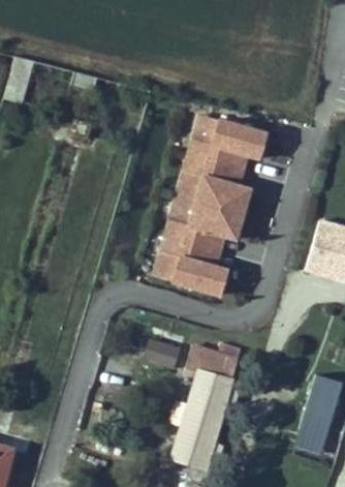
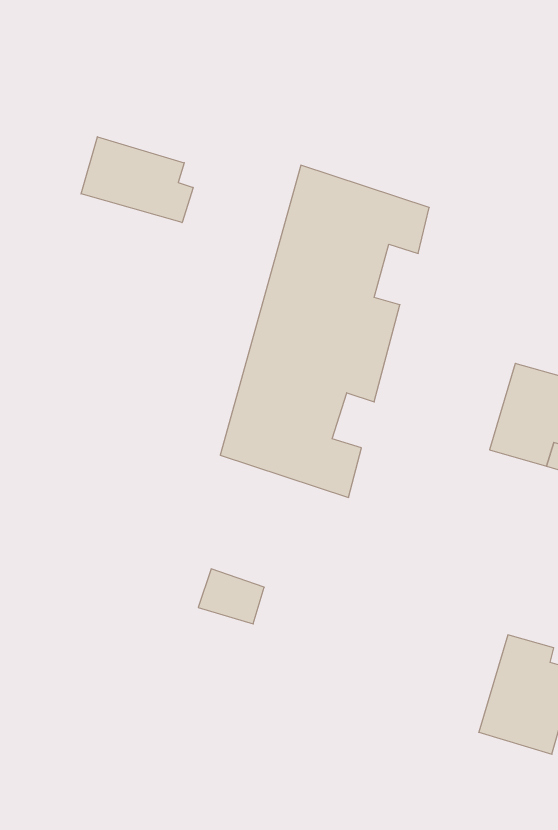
building: none -> [81,137,193,223]
building: [170,347,238,468] -> none

